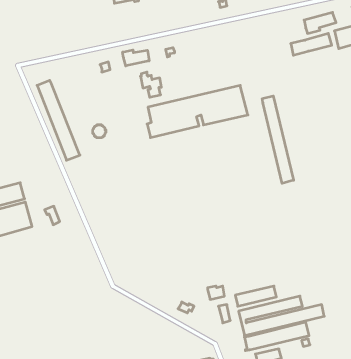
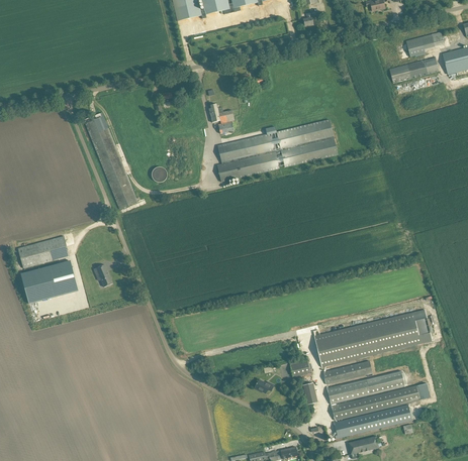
building: [123,50,149,66] -> none
building: [262,96,294,183] -> none
building: none -> [312,308,432,365]

